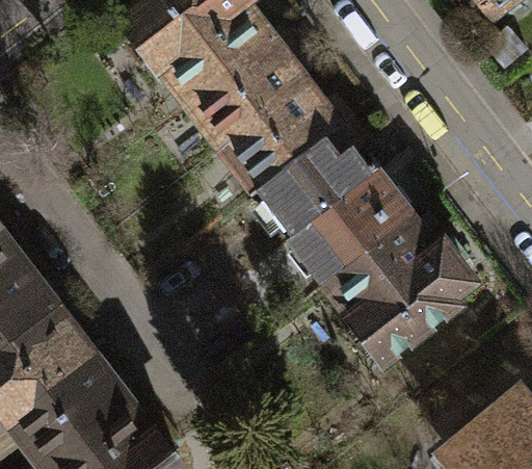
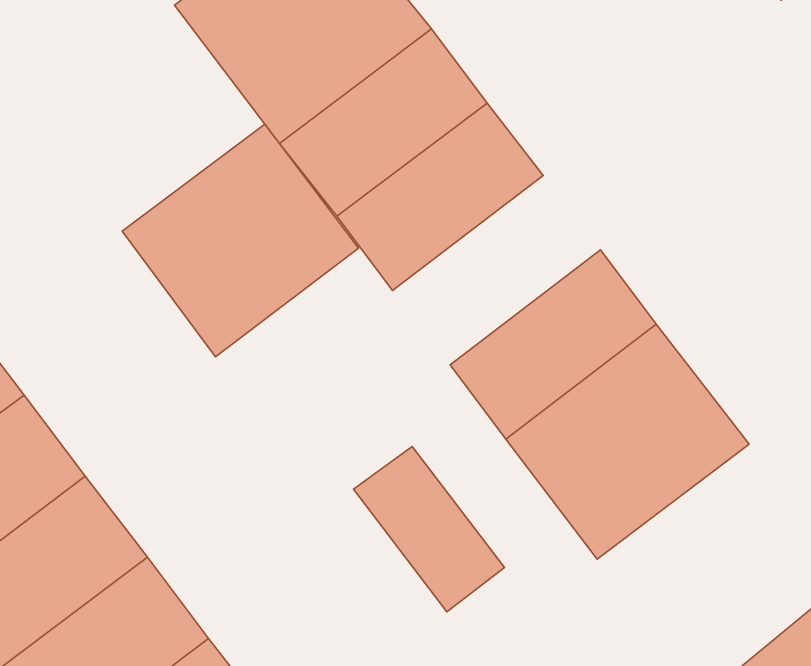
building: none -> [122,124,358,357]
building: [254,124,381,240] -> none
building: none -> [353,447,505,612]

